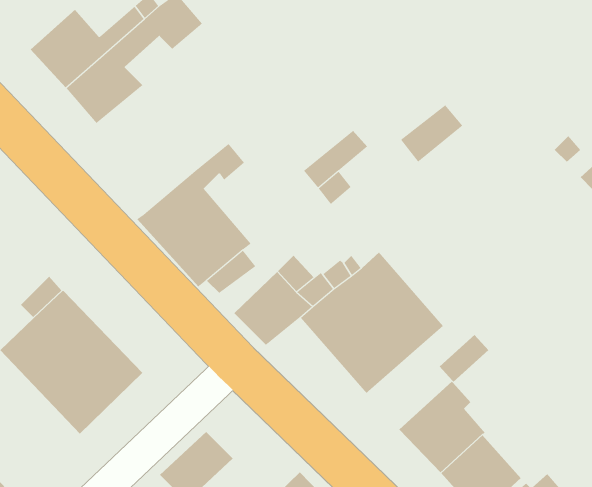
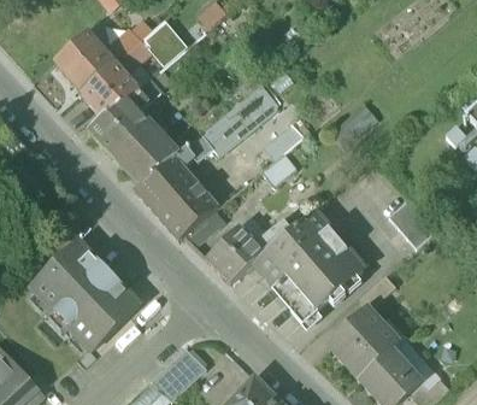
building: none -> [88,78,177,186]
building: none -> [202,84,279,154]
building: none -> [389,199,438,248]

